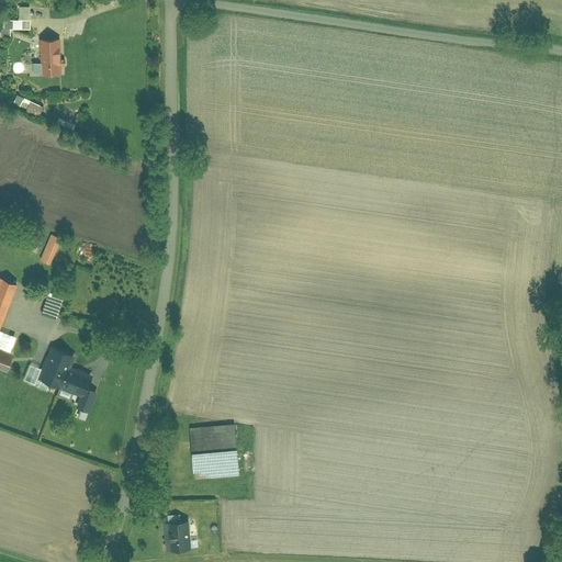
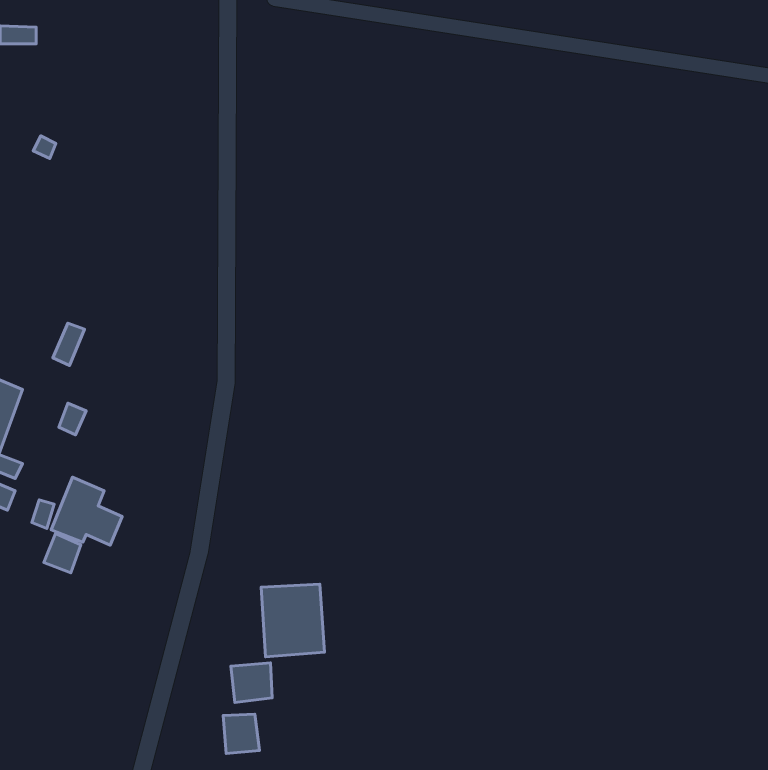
building: [38,42,58,75] -> none
building: none -> [44,533,81,573]
building: none -> [231,663,272,703]

